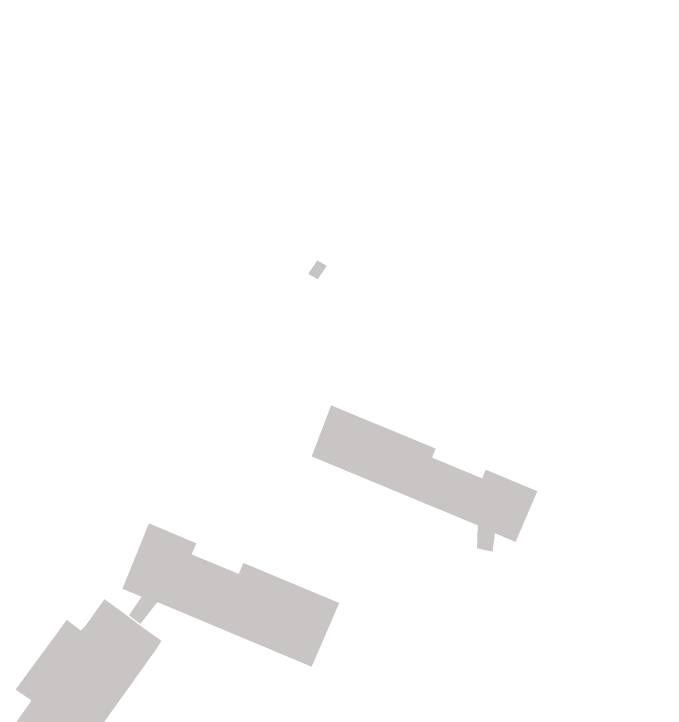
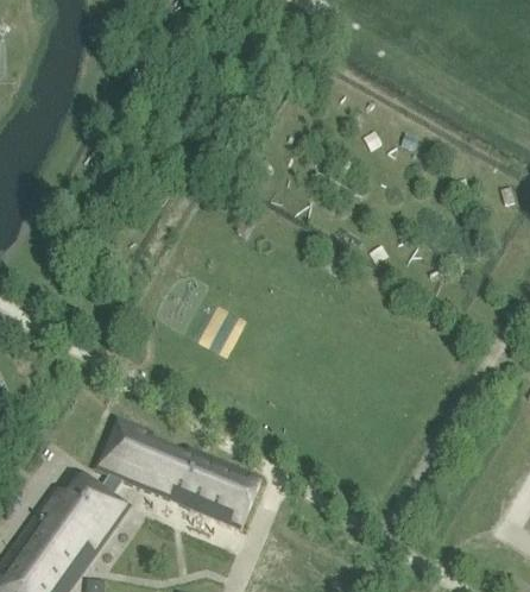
building: [311,404,538,552] -> none

